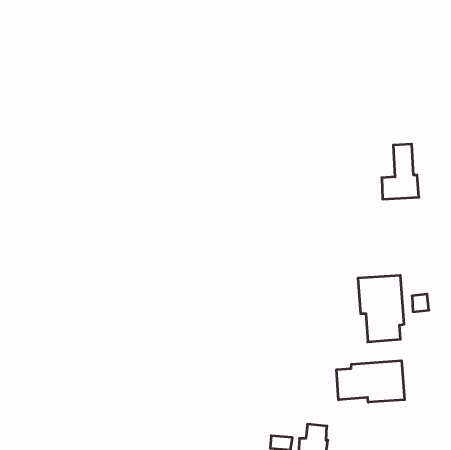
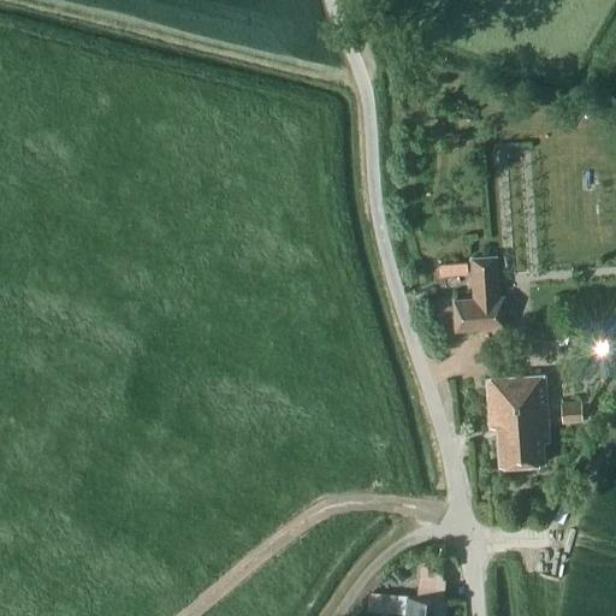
building: [382,144,419,199] -> [454,257,504,332]
building: [337,361,405,402] -> none

